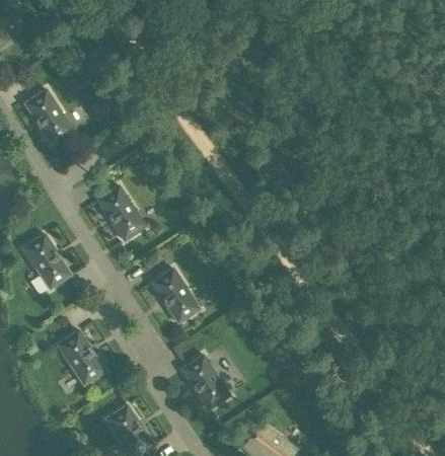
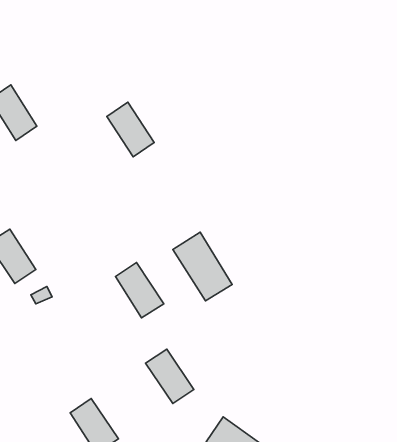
building: [97,185,145,240] -> [107,102,154,157]
building: none -> [173,232,232,301]
building: [57,330,105,385] -> none

